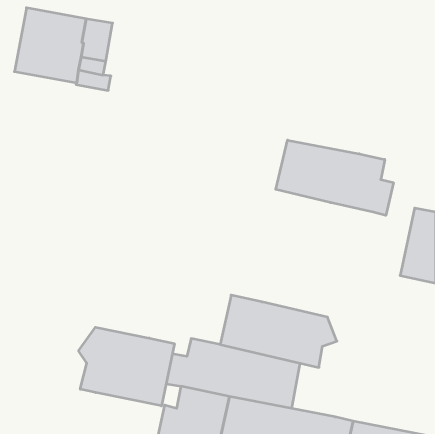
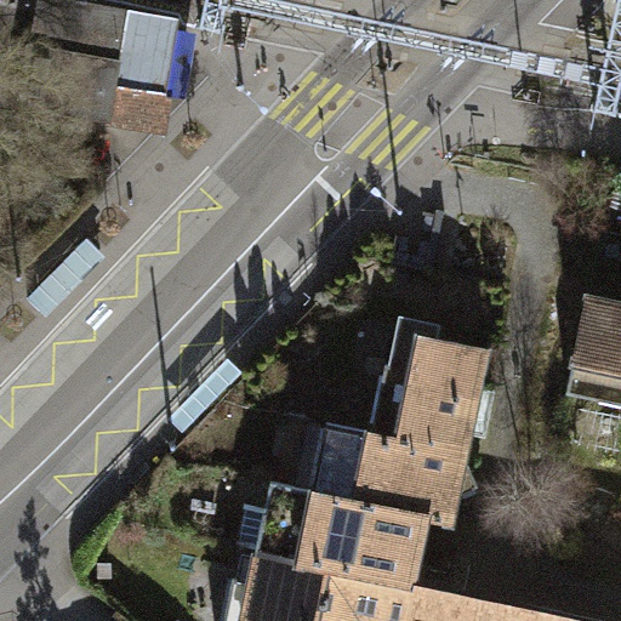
building: [276,140,393,215] -> none
building: none -> [374,337,490,454]
building: [79,327,174,406] -> none

